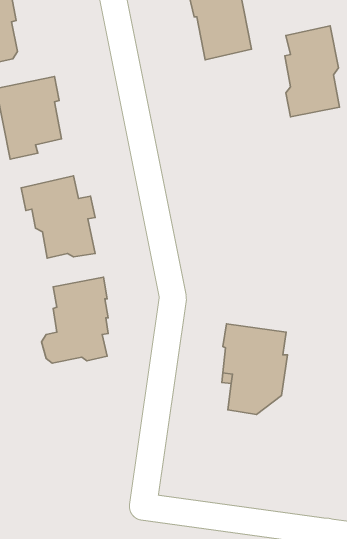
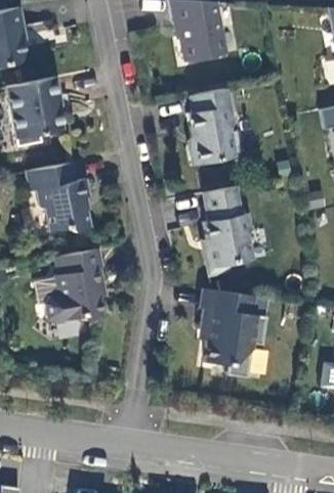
building: [285,26,340,117] -> [189,88,236,166]
building: none -> [203,186,251,273]

